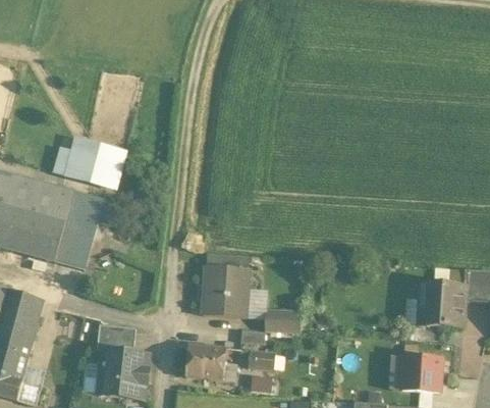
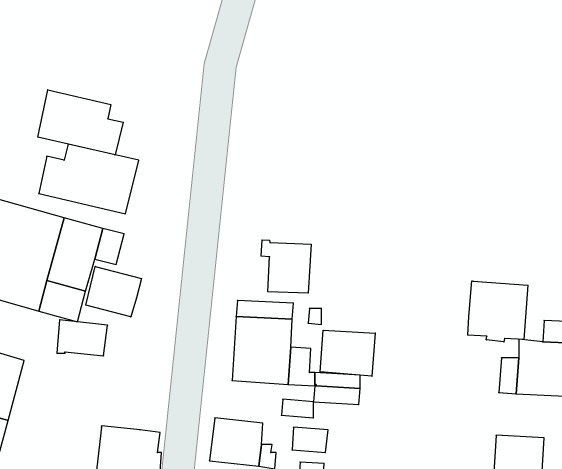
building: none -> [38,90,123,155]
building: none -> [261,240,311,293]
building: none -> [86,266,141,317]
building: none -> [468,281,528,342]
building: none -> [320,330,375,376]
building: [96,325,134,353] -> [57,320,108,356]

